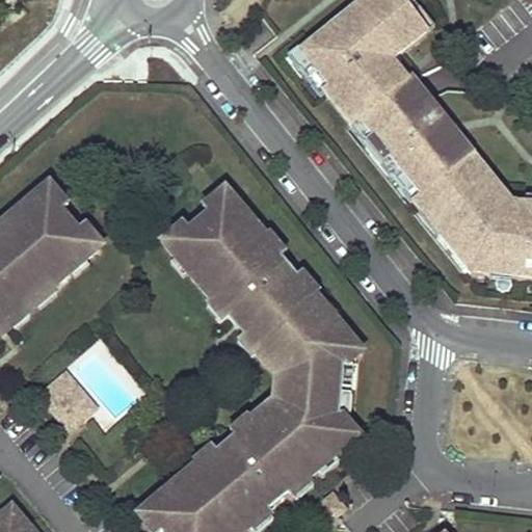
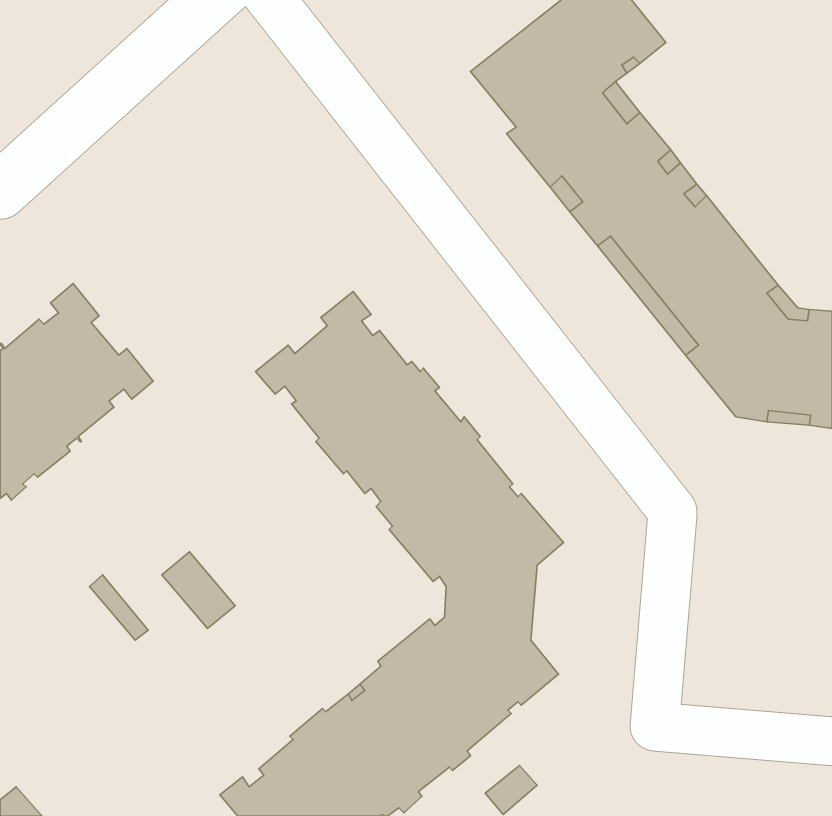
building: [39,374,86,423] -> [162,552,235,629]

